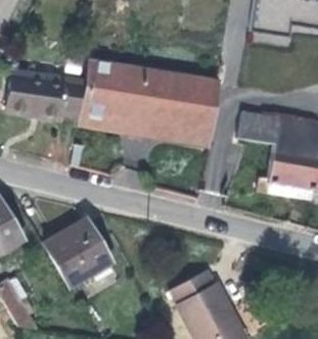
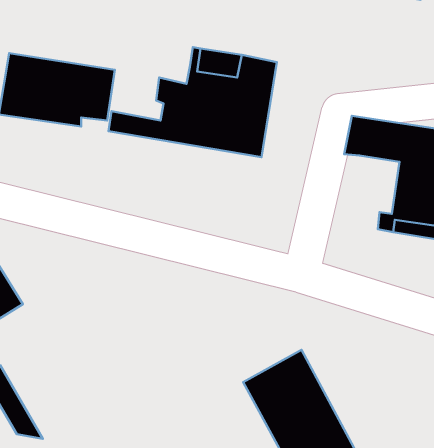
building: [82,59,136,115] -> none
building: [182,77,219,144] -> none
building: [45,220,111,285] -> none

